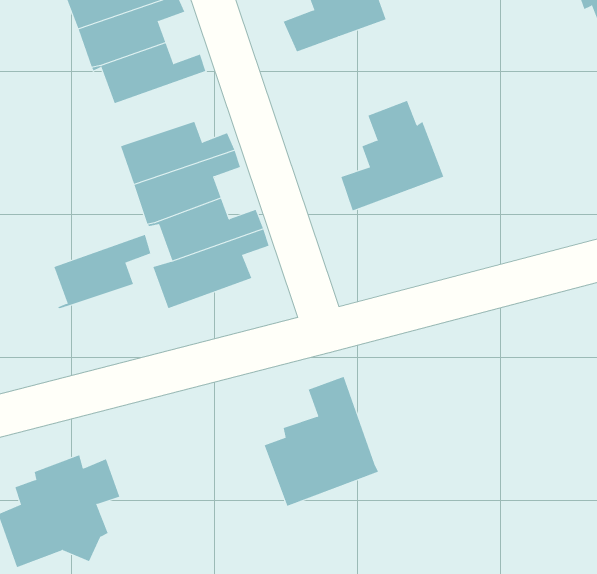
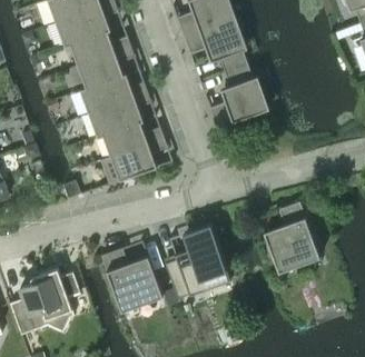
building: none -> [182,17,247,72]
building: [53,234,151,309] -> [77,47,134,90]
building: none -> [264,201,319,272]
building: none -> [100,248,162,311]

